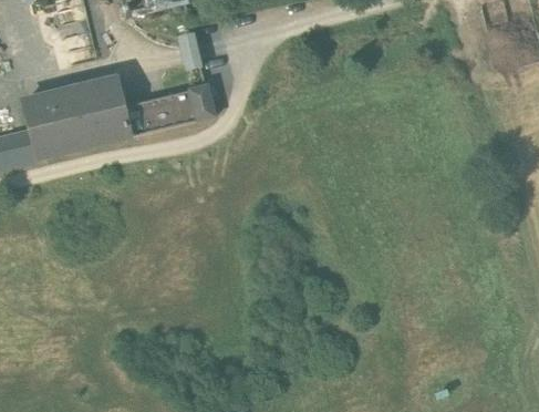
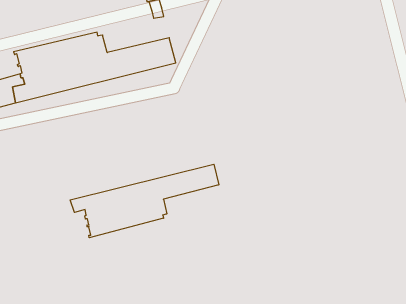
building: none -> [70,164,219,238]

